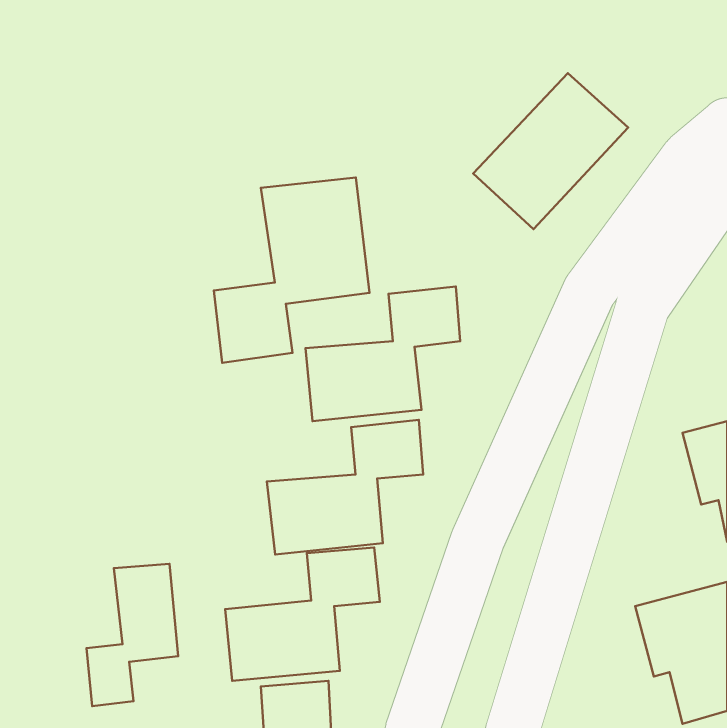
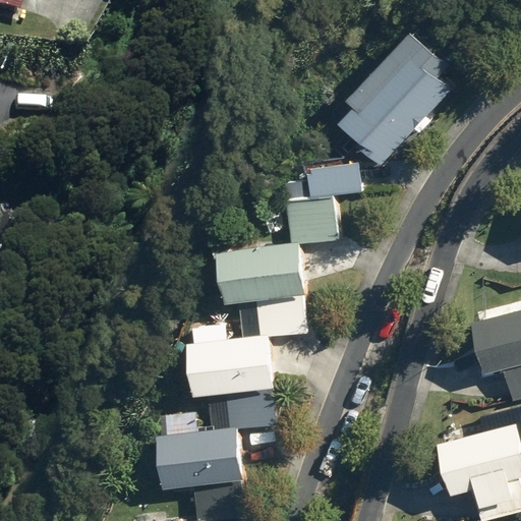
building: [214,177,369,363] -> none
building: none -> [304,166,359,200]
building: [87,564,178,706] -> none

